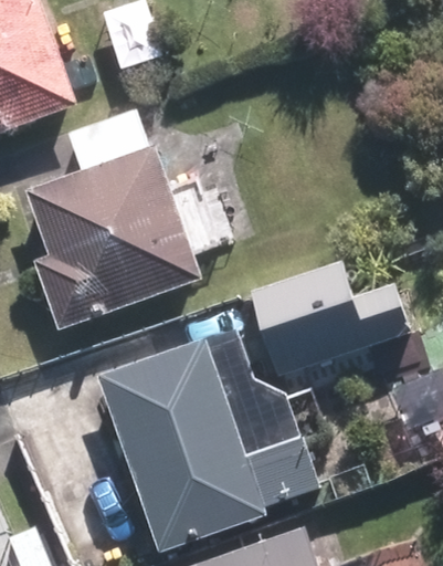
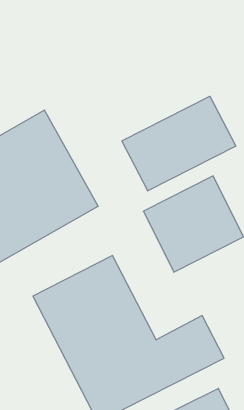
building: none -> [122,96,236,191]

